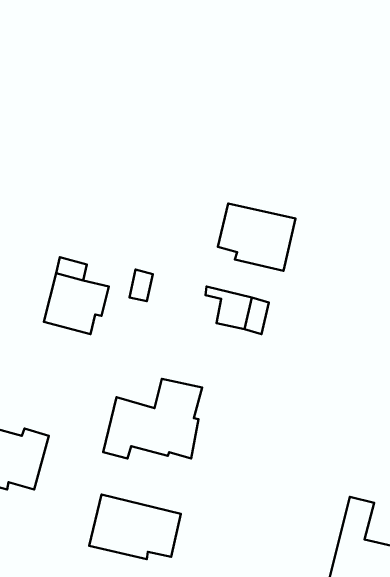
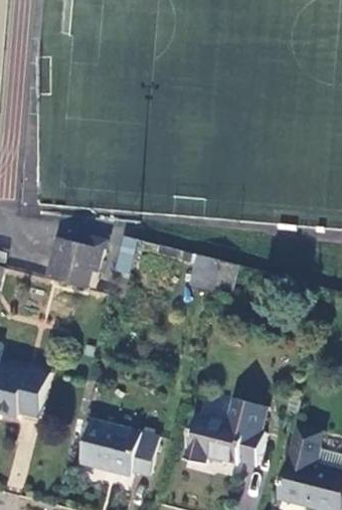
building: [218,204,296,271] -> none
building: [103,379,202,458] -> [185,398,267,464]

